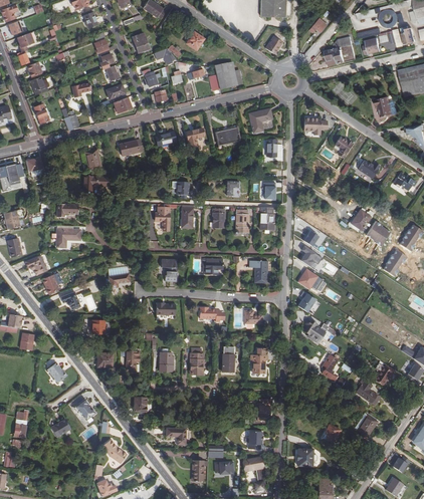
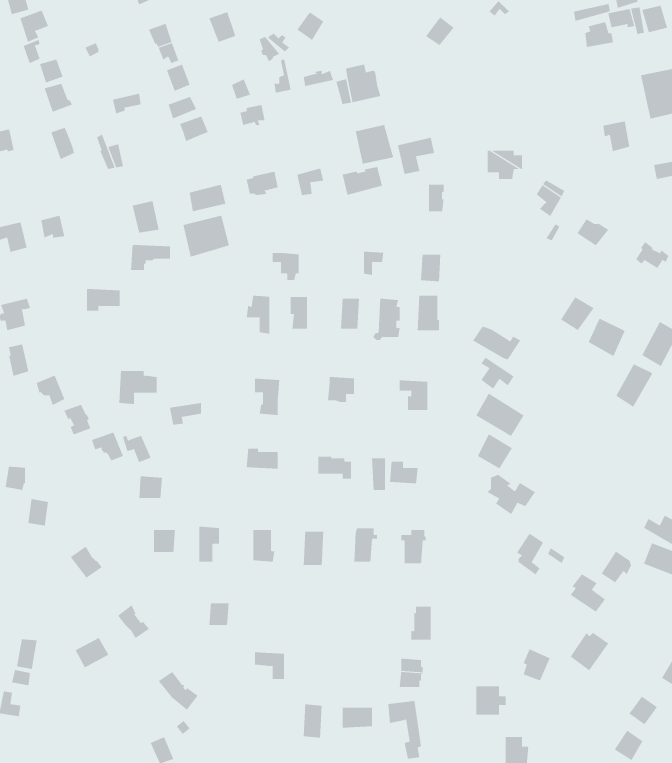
building: [323,37,355,65] -> none
building: none -> [355,124,394,164]
building: none -> [183,215,230,257]
building: [56,227,80,248] -> [118,370,157,405]

